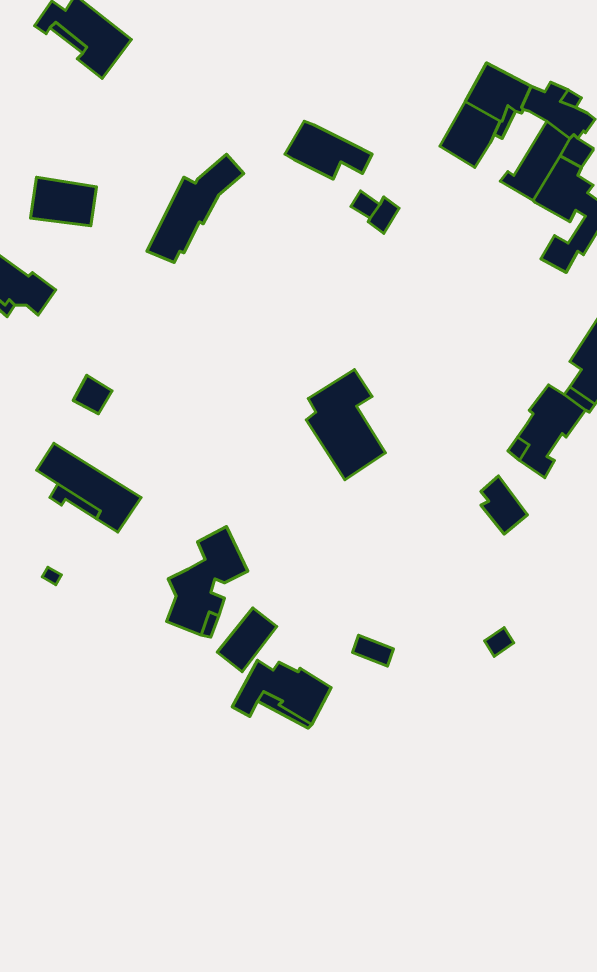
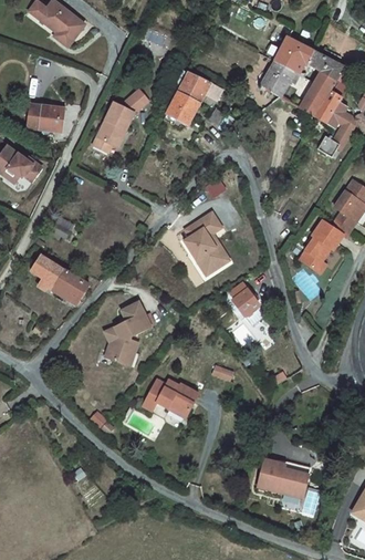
building: none -> [167,92,199,124]
building: [481,476,528,534] -> [231,282,258,315]
building: [217,608,277,672] -> none
building: none -> [257,457,309,497]

